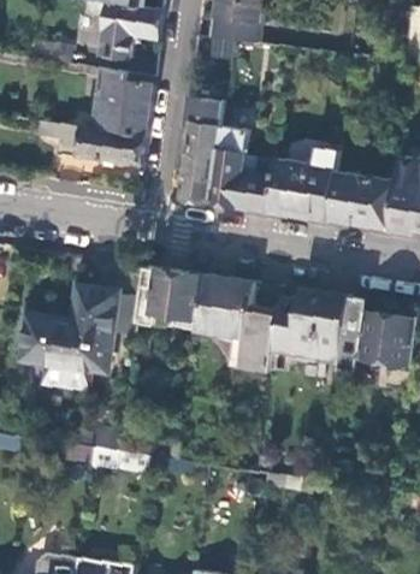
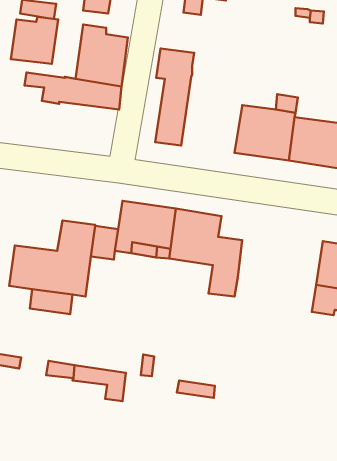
building: none -> [11,17,58,64]
building: [209,129,277,213] -> none
building: [272,289,350,360] -> none

